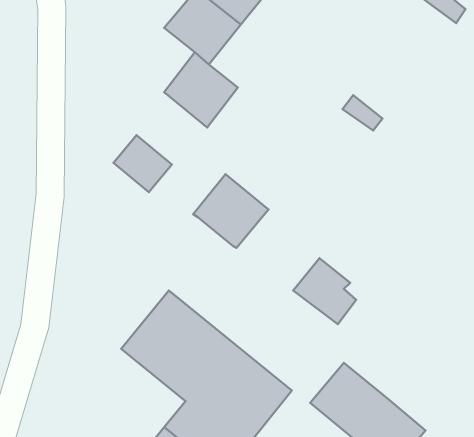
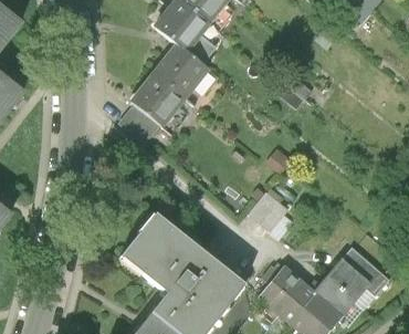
building: [193,174,269,248] -> [130,71,185,124]
building: none -> [314,258,369,314]

